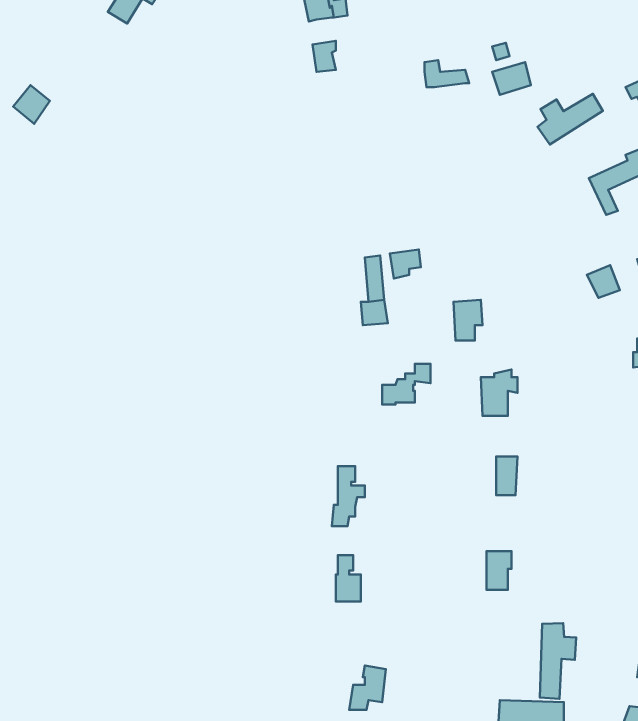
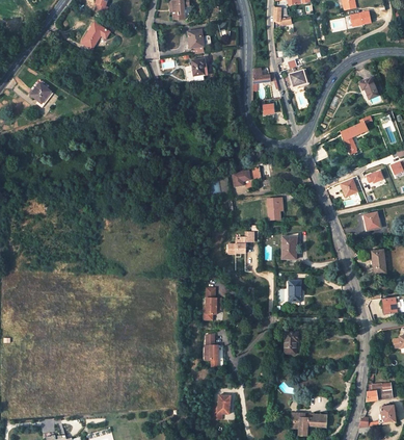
building: [537,94,603,144] -> none
building: [540,623,576,699] -> none

